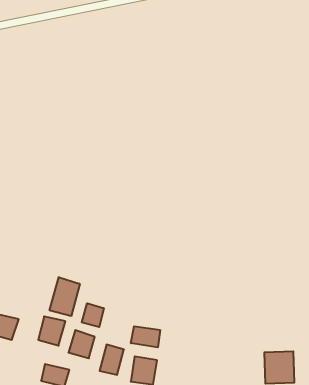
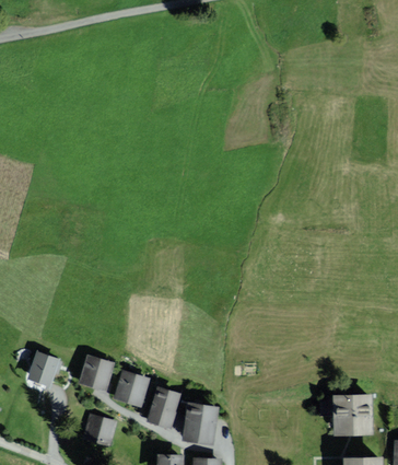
building: [50,277,80,316] -> none
building: [82,303,104,327] -> none
building: [131,326,160,347] -> none

